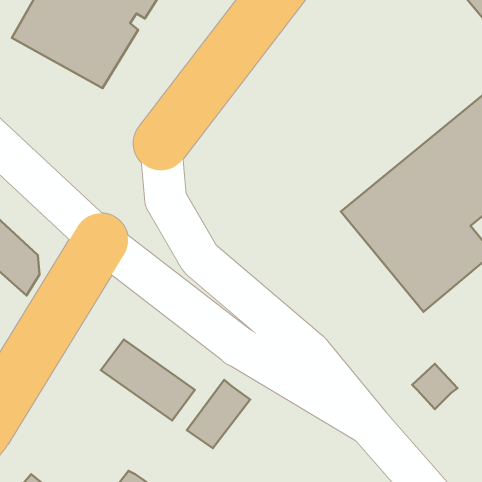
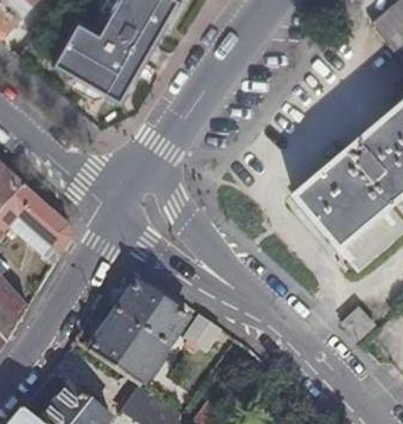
building: none -> [87,308,168,384]

